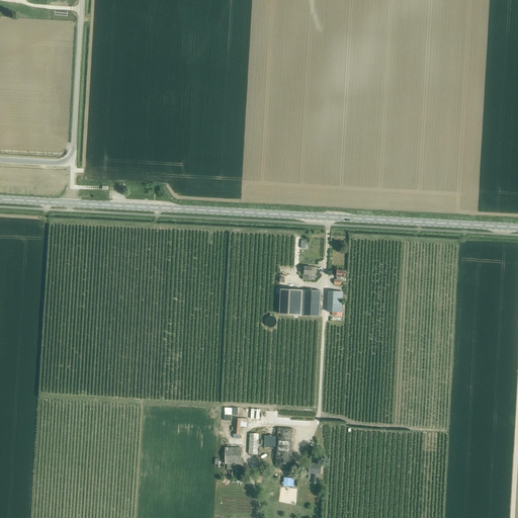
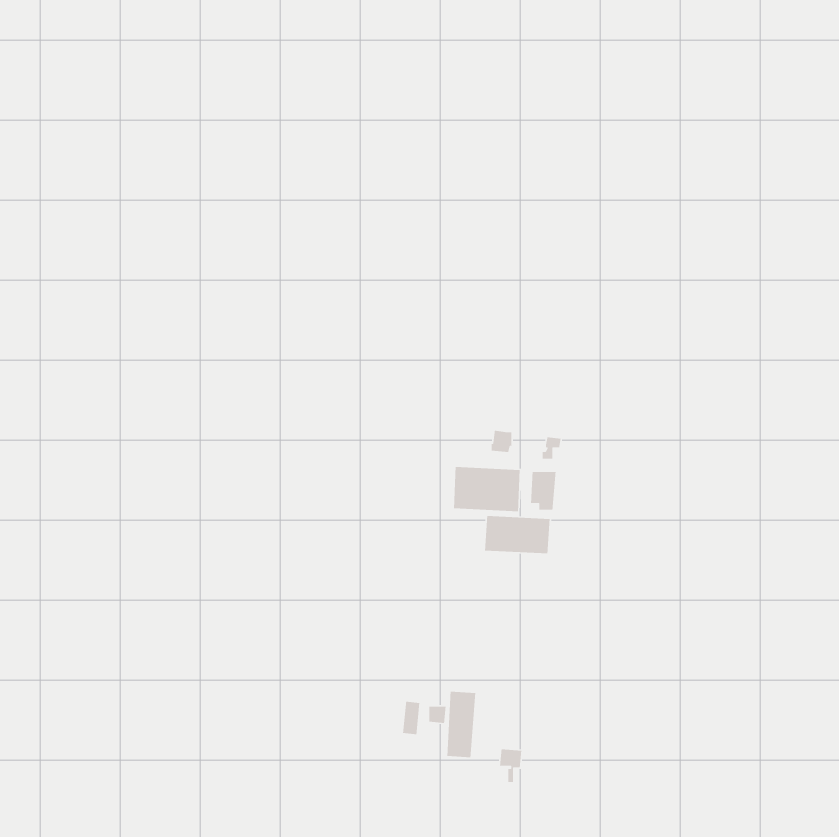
building: none -> [484,515,550,554]
building: [225,447,243,476] -> none

